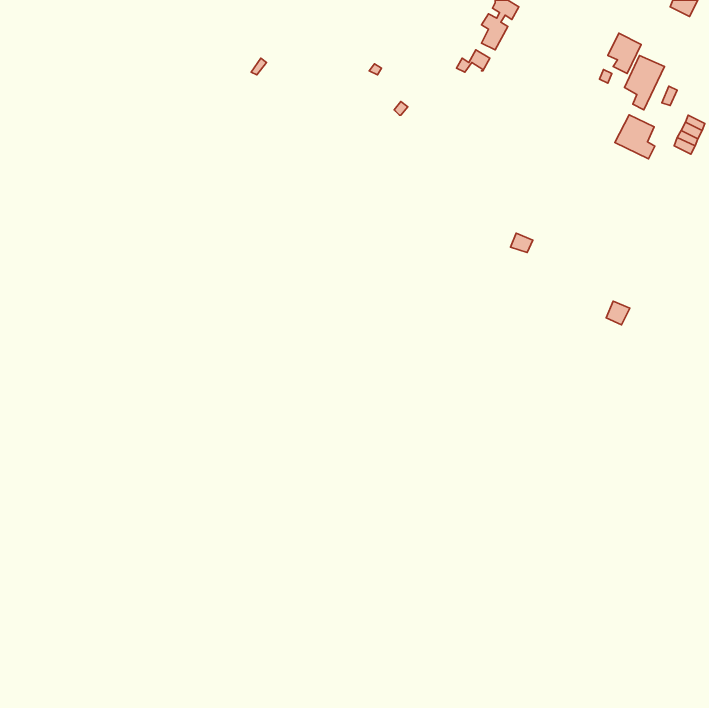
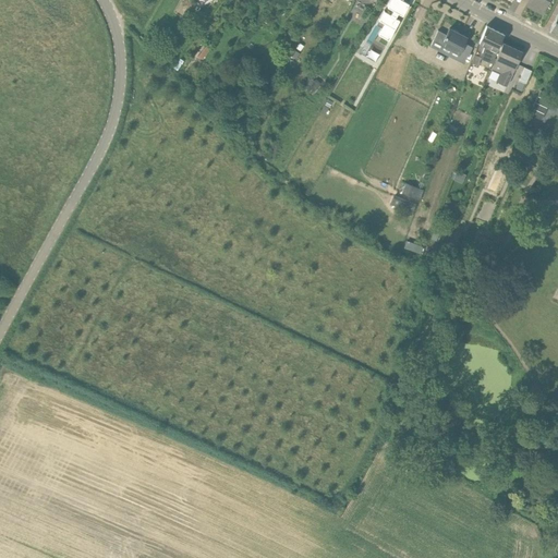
building: none -> [433,29,477,53]
building: [615,115,655,159] -> none

